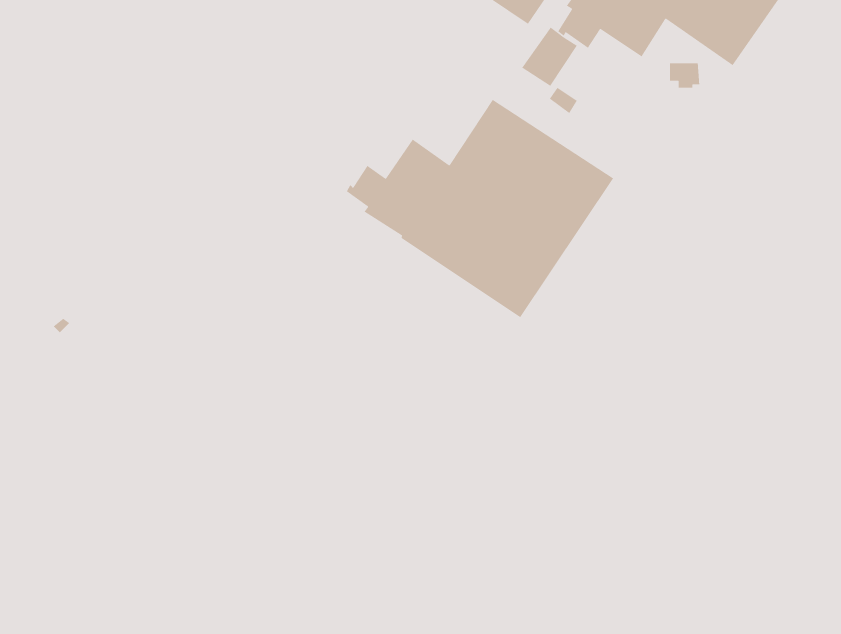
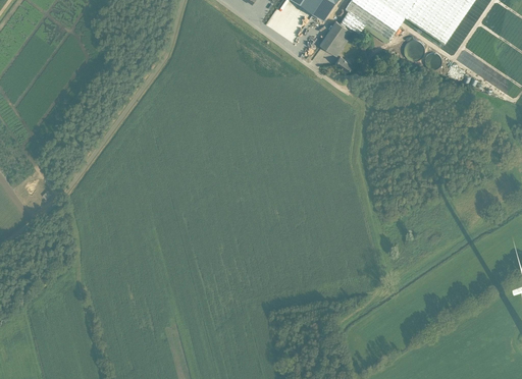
building: [346,99,614,318] -> none

